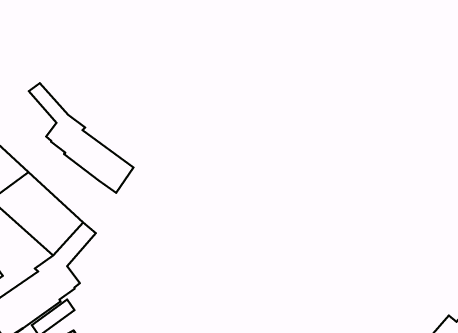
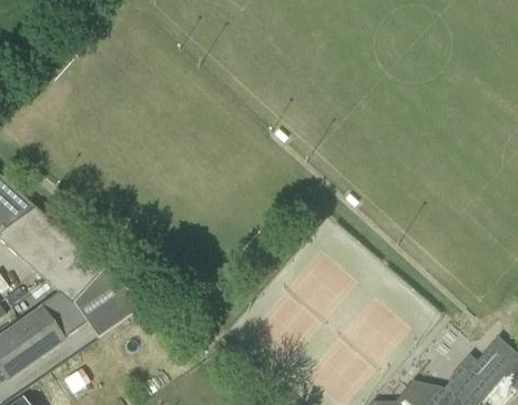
building: [29,83,133,193] -> none
building: none -> [72,269,144,338]

